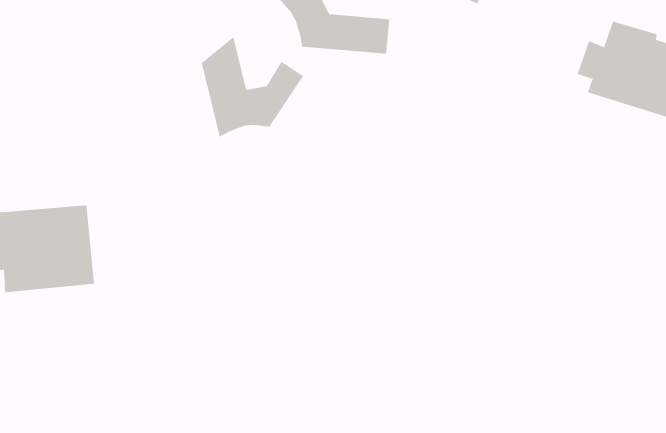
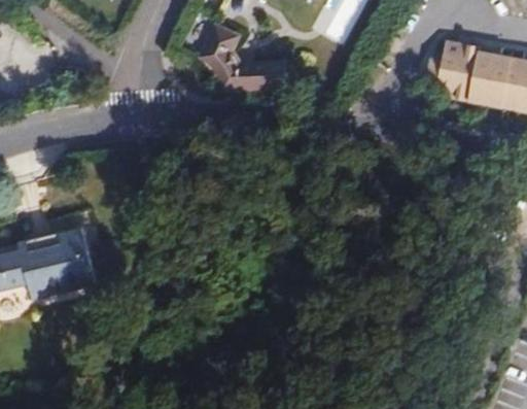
building: [201,36,304,138] -> none

